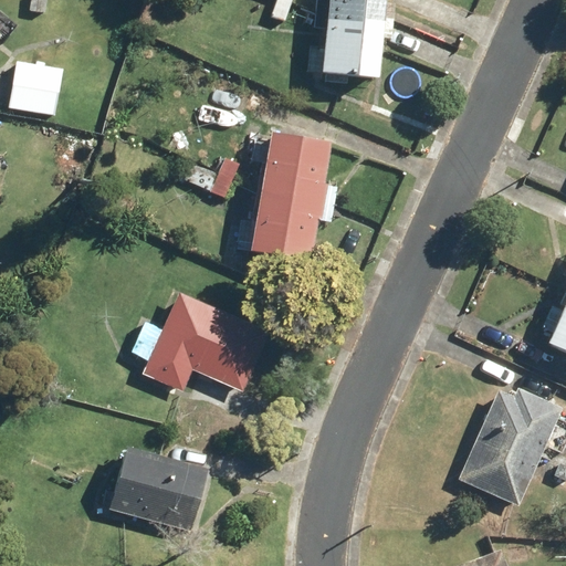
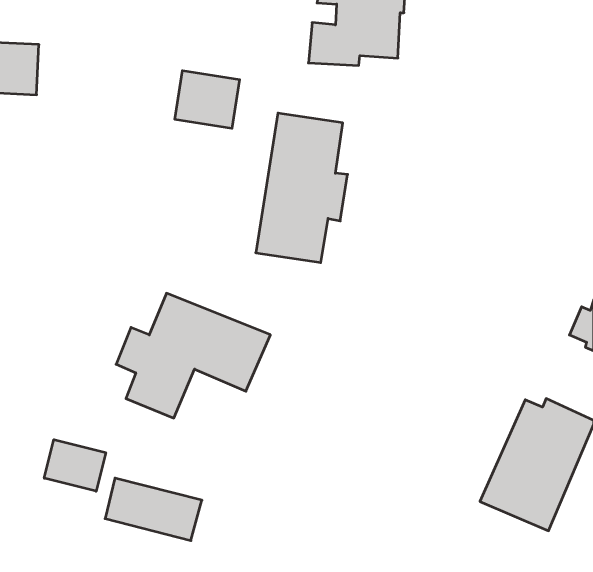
building: none -> [175,71,240,128]
building: none -> [44,440,106,491]

